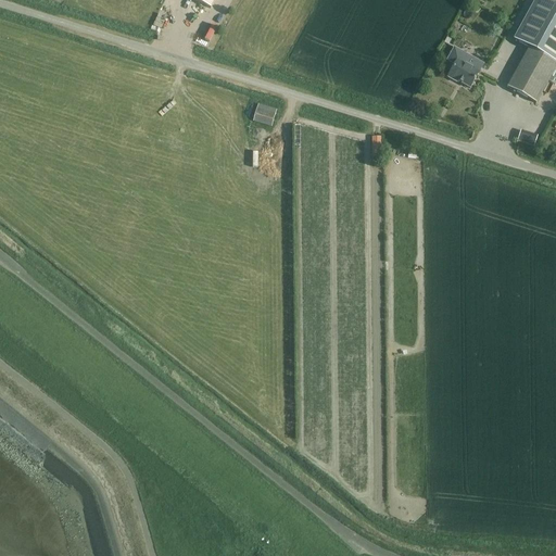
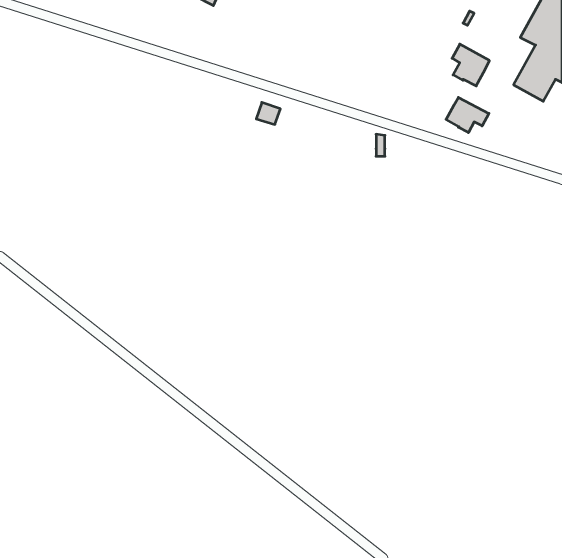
building: none -> [446,97,489,133]

